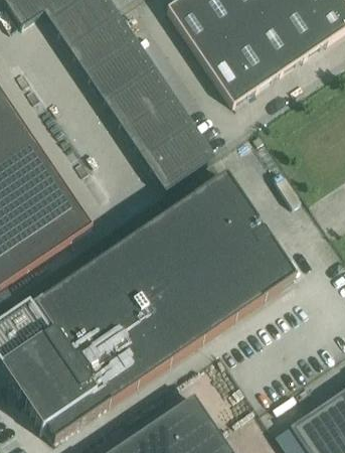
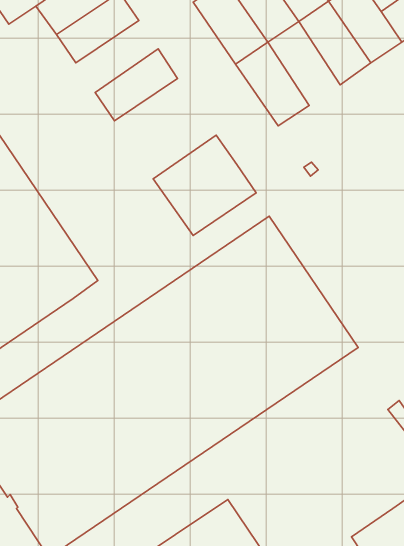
building: [75,19,140,76] -> none
building: [225,20,282,86] -> none
building: [106,64,185,143] -> none

